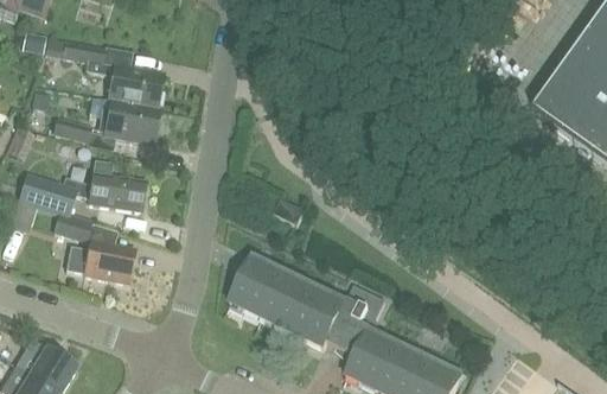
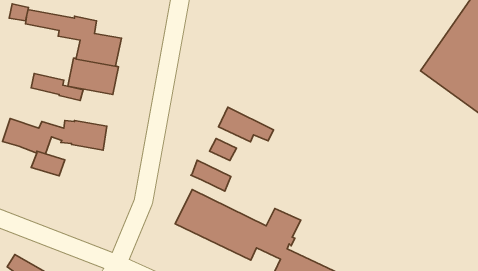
building: none -> [219,107,273,142]
building: none -> [191,160,231,191]
building: [65,239,134,282] -> none

